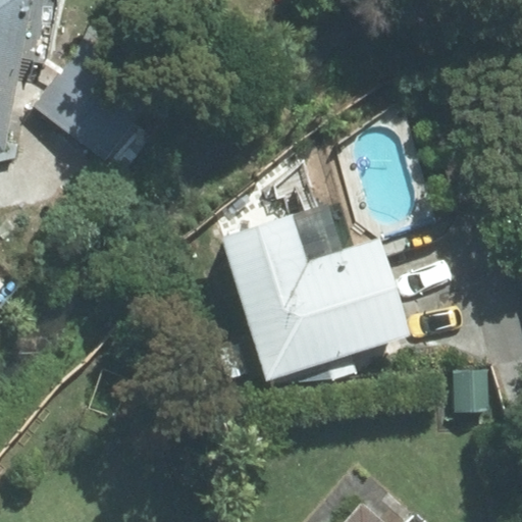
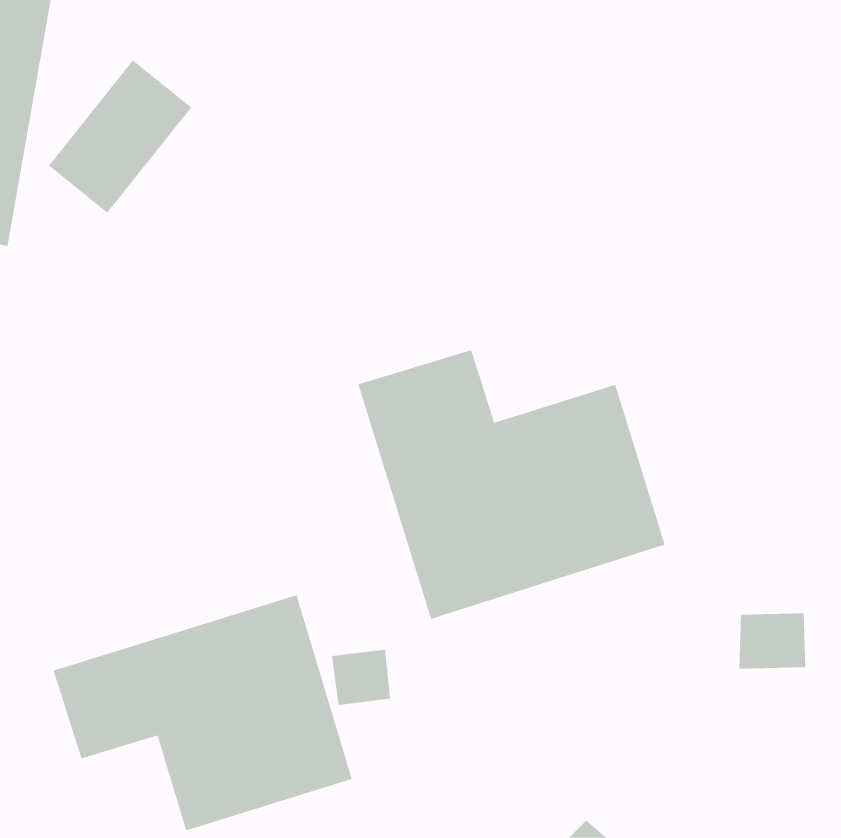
building: none -> [53,594,353,831]

